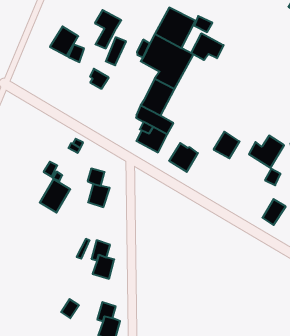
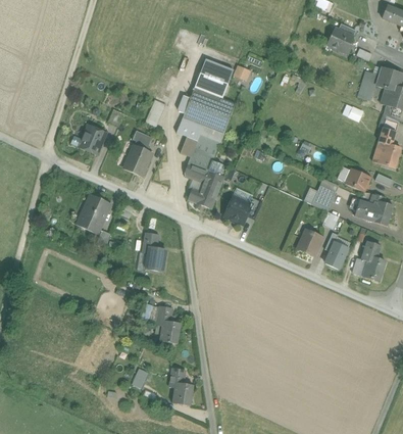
building: [95,10,121,48] -> [177,117,203,156]
building: [50,26,78,56] -> [79,125,106,154]
building: [191,33,224,60] -> none
building: none -> [123,145,152,176]
building: [214,132,240,158] -> [297,229,322,255]
building: [40,179,70,213] -> [79,197,108,231]

